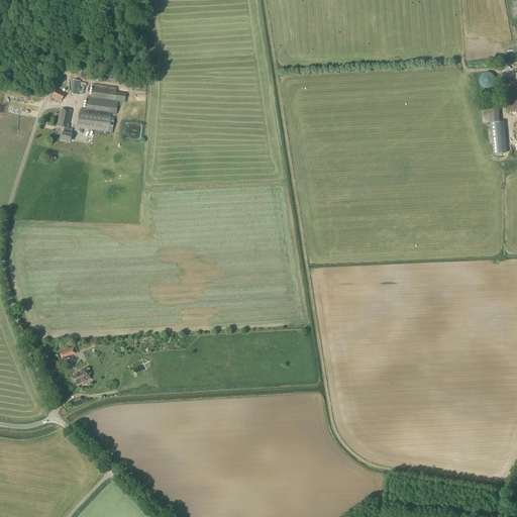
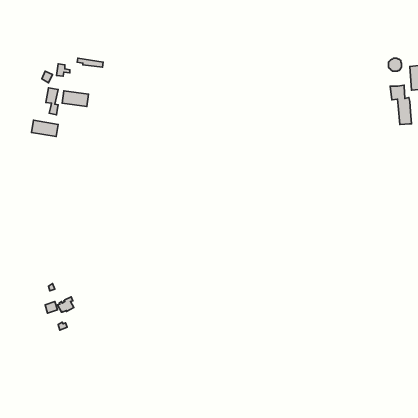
building: [86,83,126,114] -> none
building: none -> [32,120,58,137]

